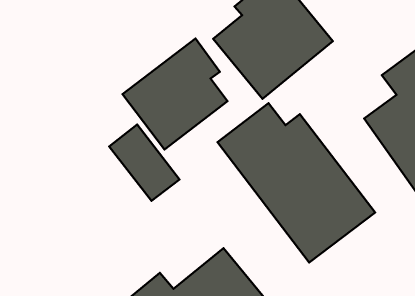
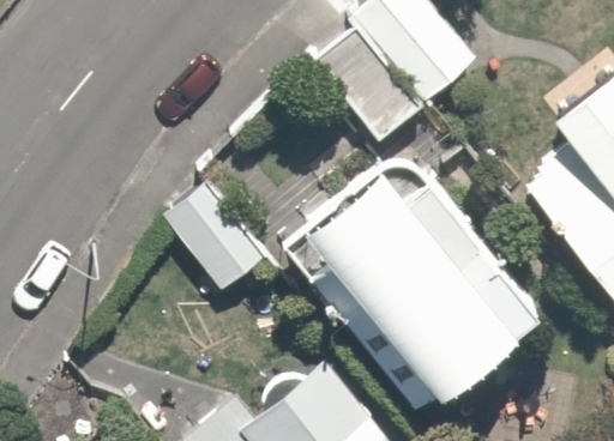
building: [123,39,228,149] -> none

